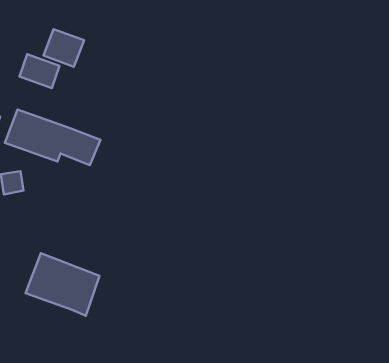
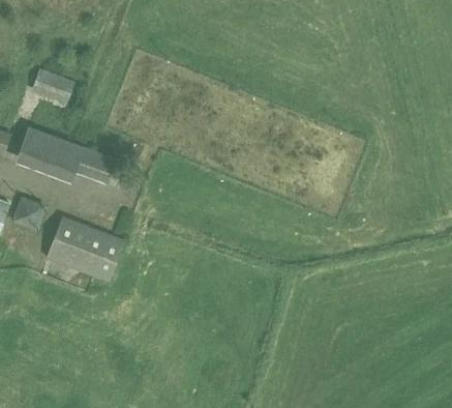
building: [43,29,84,67] -> none
building: [25,253,100,316] -> [46,216,124,283]

